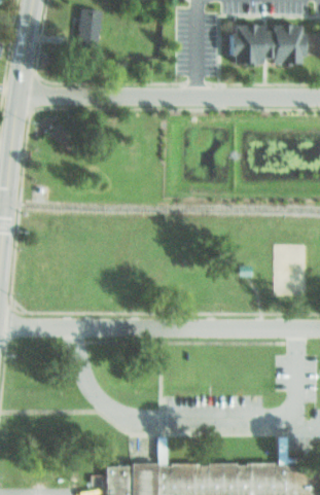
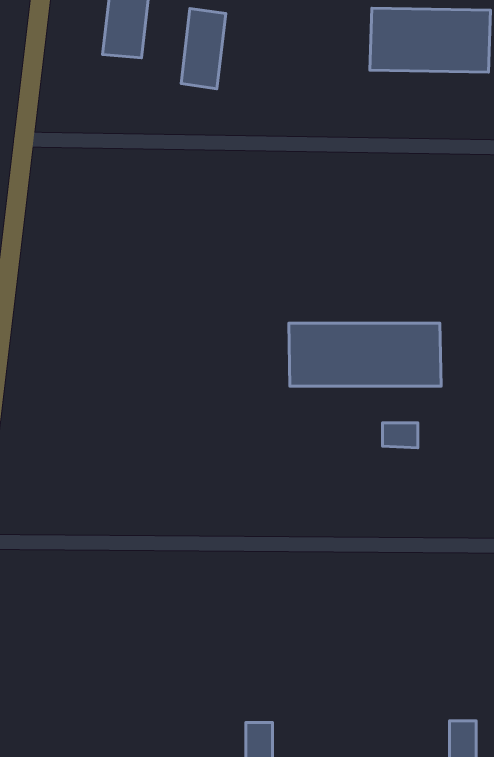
building: none -> [181,8,226,89]
building: none -> [289,323,441,386]

